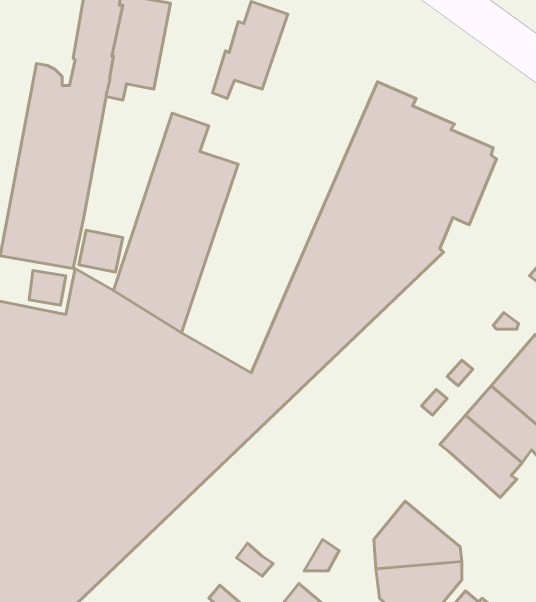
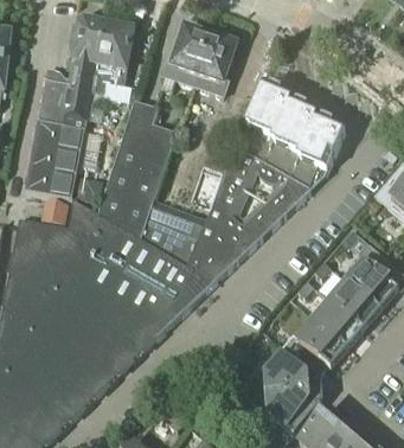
building: none -> [192,37,233,96]
building: none -> [140,200,206,269]
building: none -> [280,320,346,382]

